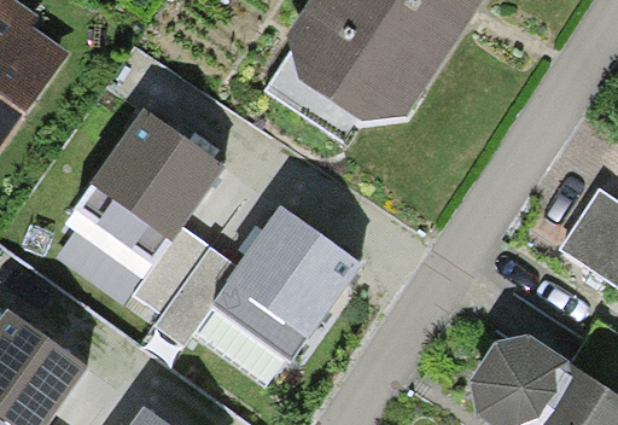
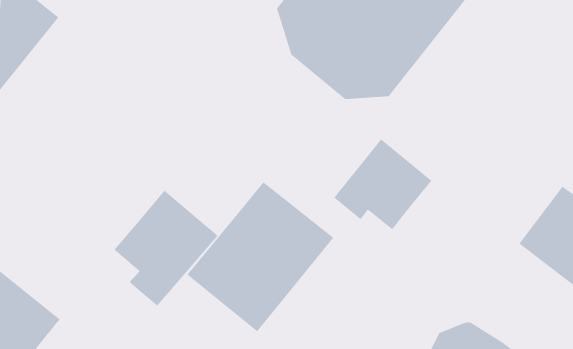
building: [78,116,223,267] -> none
building: none -> [334,139,432,230]

